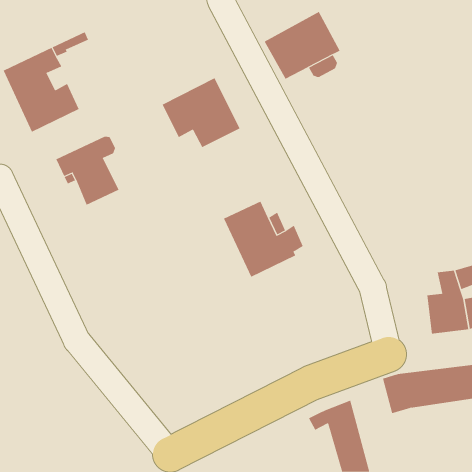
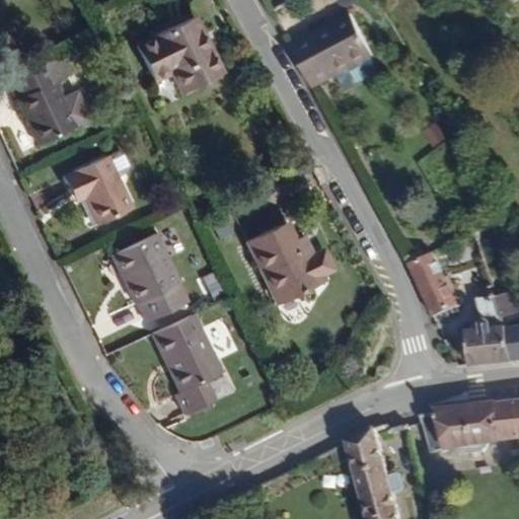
building: [162,78,241,148] -> [136,15,222,92]
building: none -> [110,231,189,321]
building: none -> [409,251,462,317]
building: none -> [150,314,221,417]

